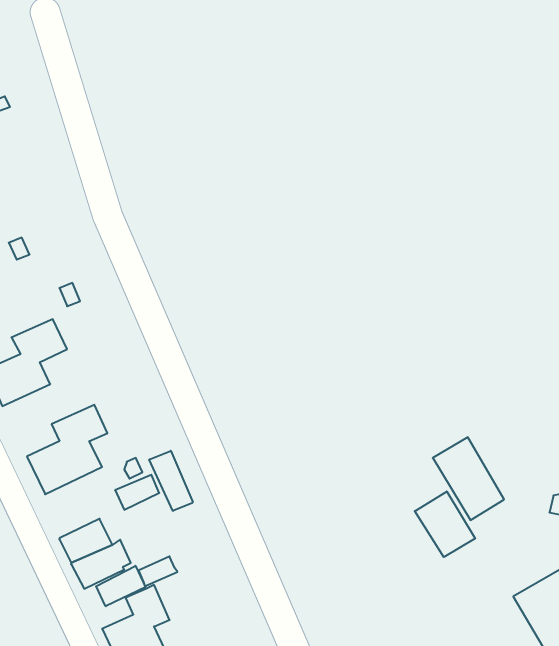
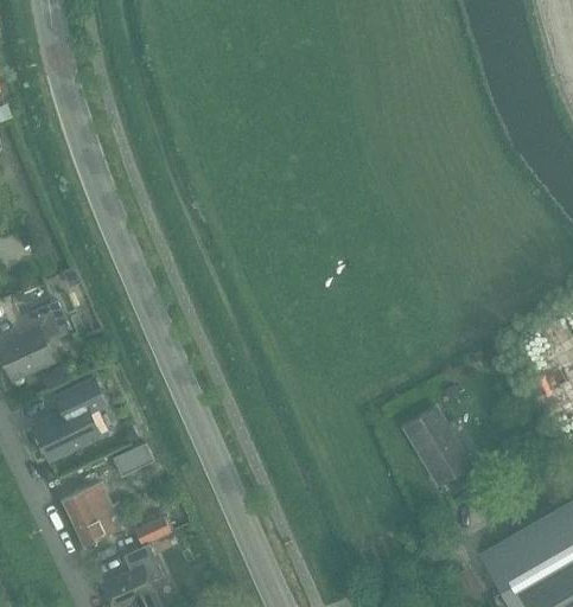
building: [149,451,193,511] -> none
building: [415,491,475,557] -> none
building: [96,566,145,606] -> none

